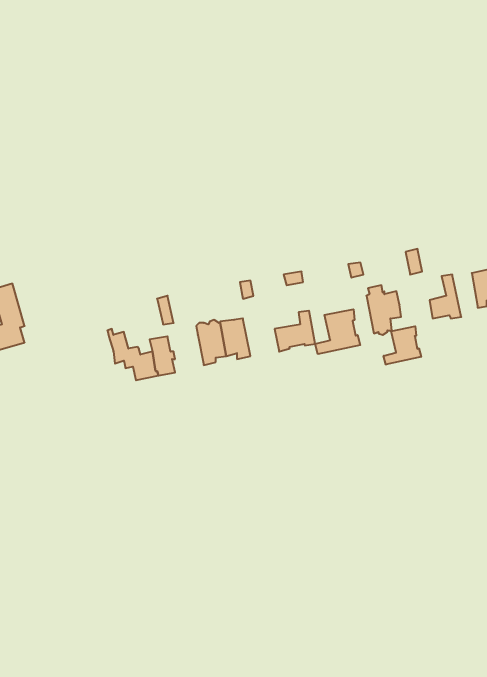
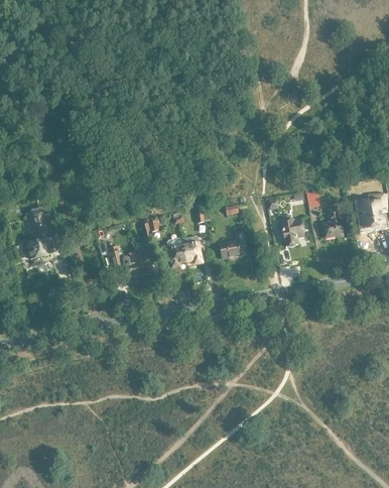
building: [315,309,360,354] -> none
building: [384,326,421,365] -> none

